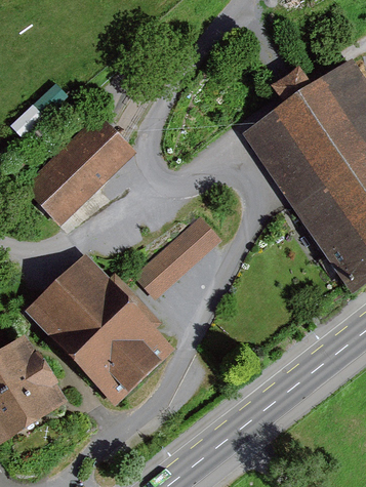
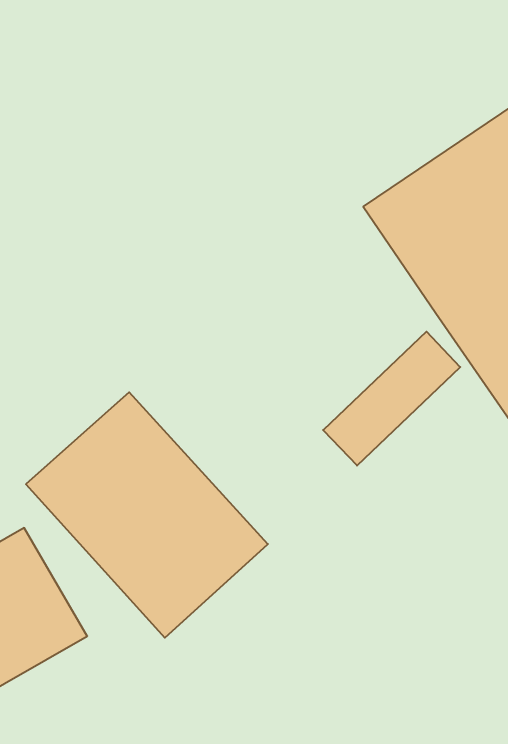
building: [23,112,137,225] -> none
building: [136,211,223,296] -> [323,332,460,466]

